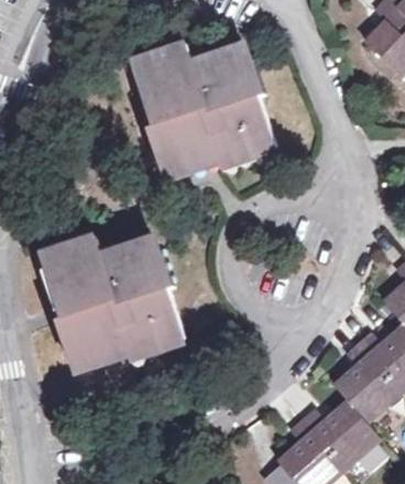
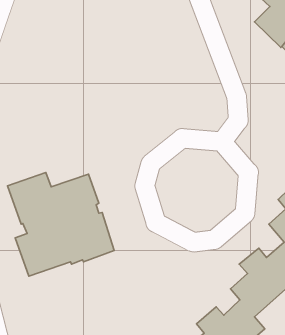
building: [139,46,277,178] -> none

